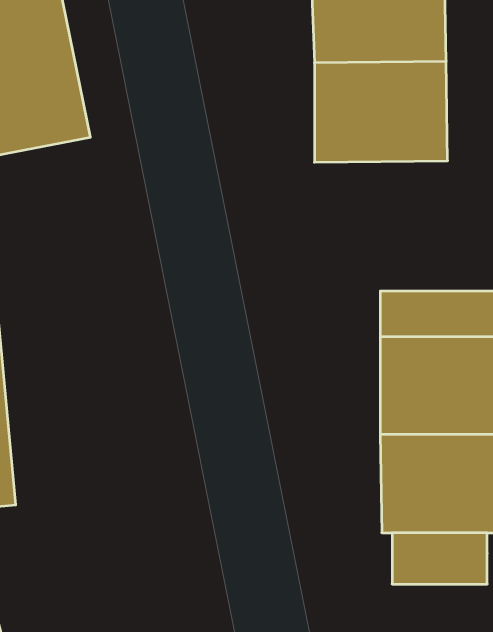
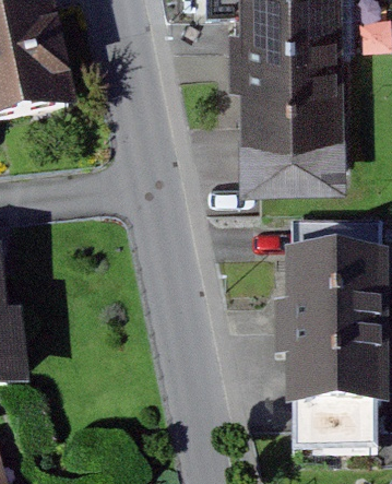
building: none -> [240,125,341,179]

